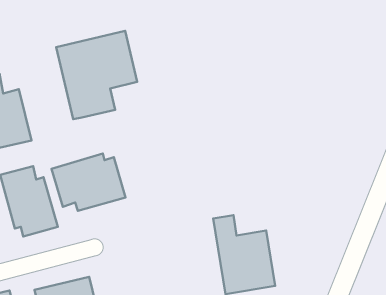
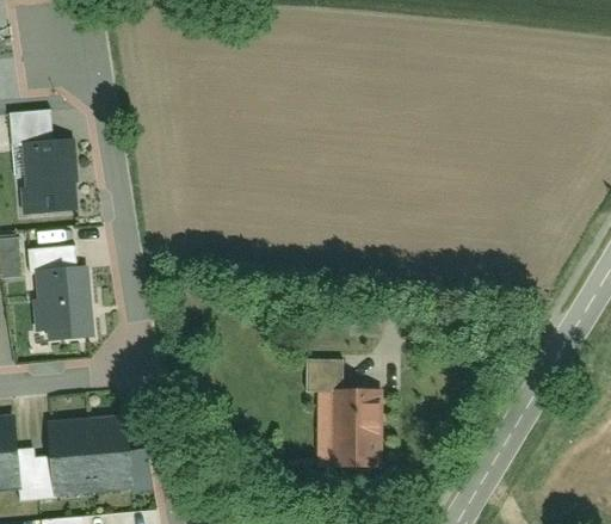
building: [56,31,137,119] -> none
building: [52,153,125,211] -> none

